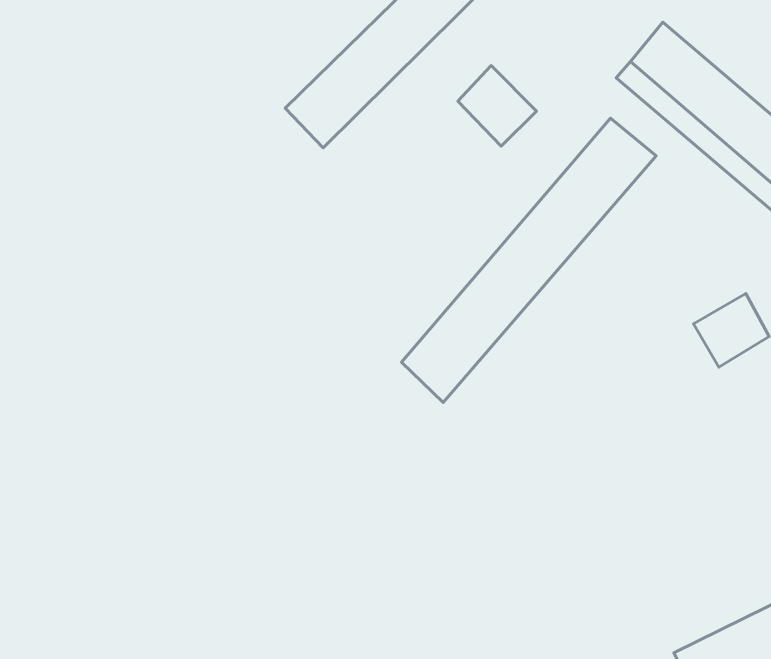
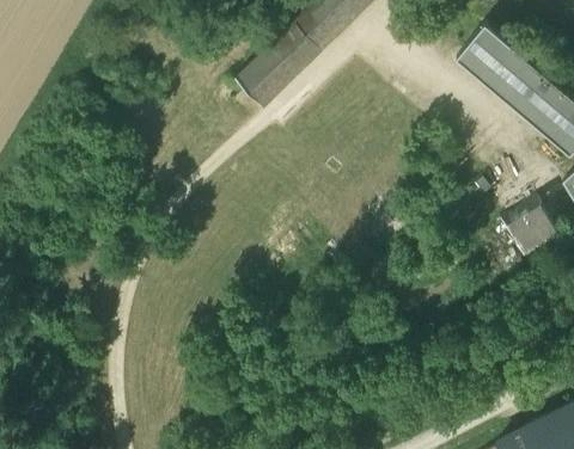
building: [458,66,536,146] -> none
building: [401,118,656,403] -> none

